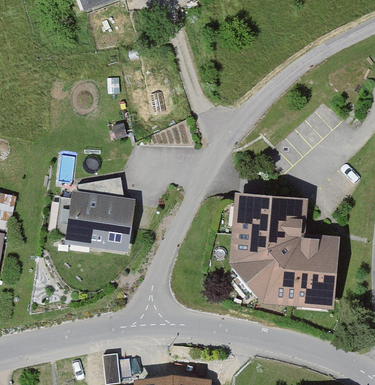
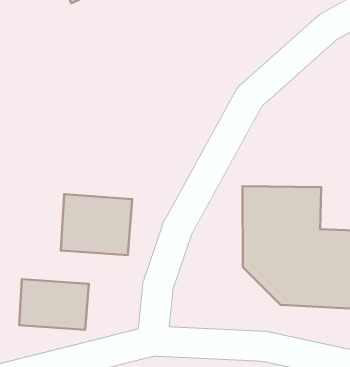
building: none -> [19,279,89,330]

